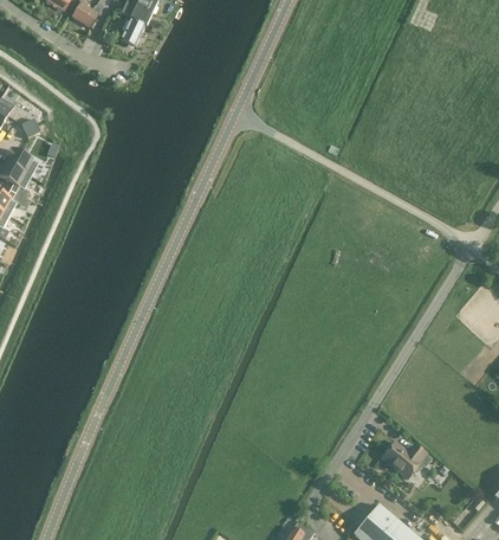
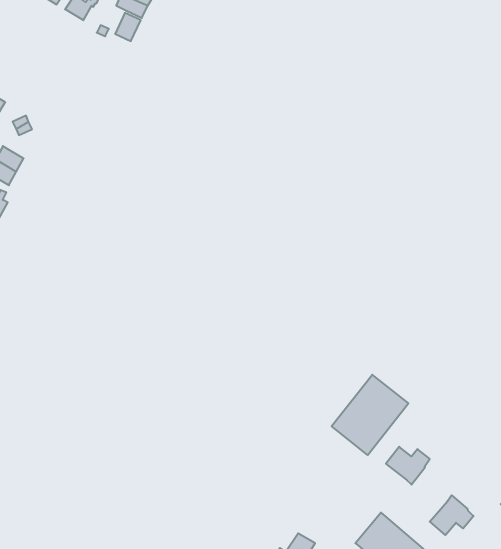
building: none -> [332,375,408,455]
building: none -> [430,495,474,535]

